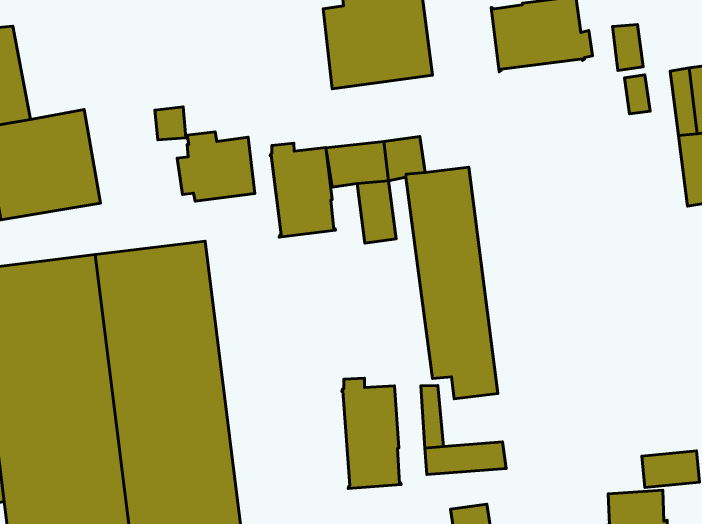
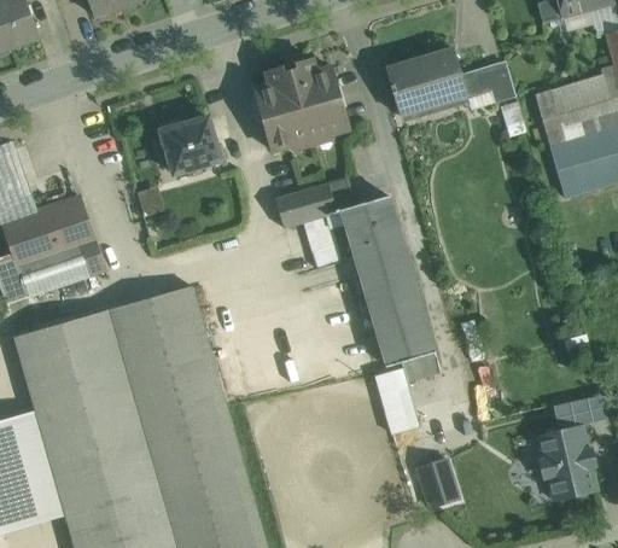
building: [177,132,255,201] -> [154,117,220,174]
building: [270,143,336,237] -> none
building: [342,378,401,488] -> none

